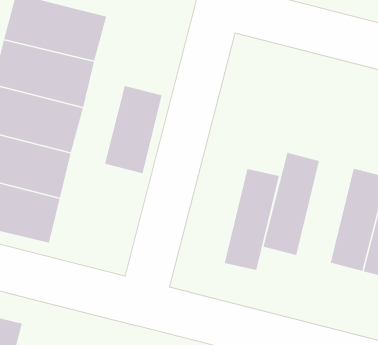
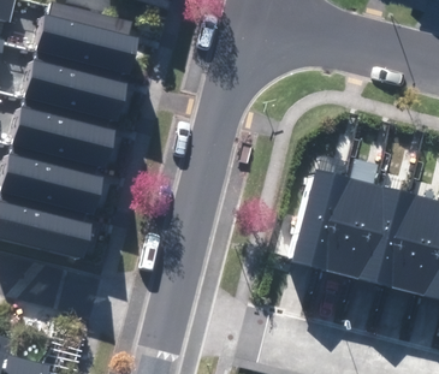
building: [104,85,162,174] -> none
building: [224,168,280,271] -> [321,179,376,280]

